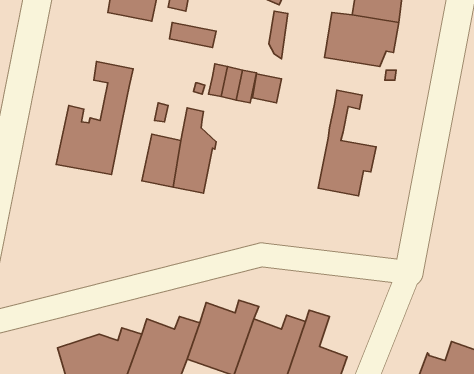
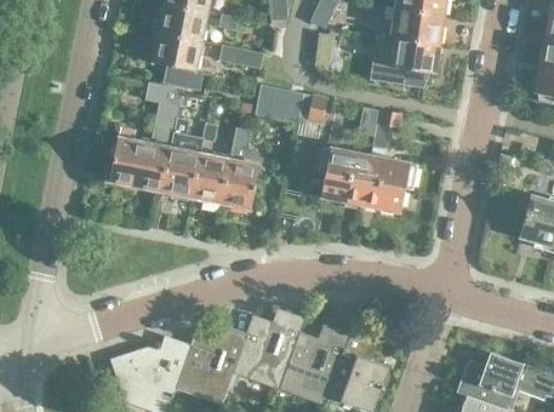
building: none -> [153,35,201,90]
building: none -> [162,118,202,198]
building: none -> [319,147,371,205]

